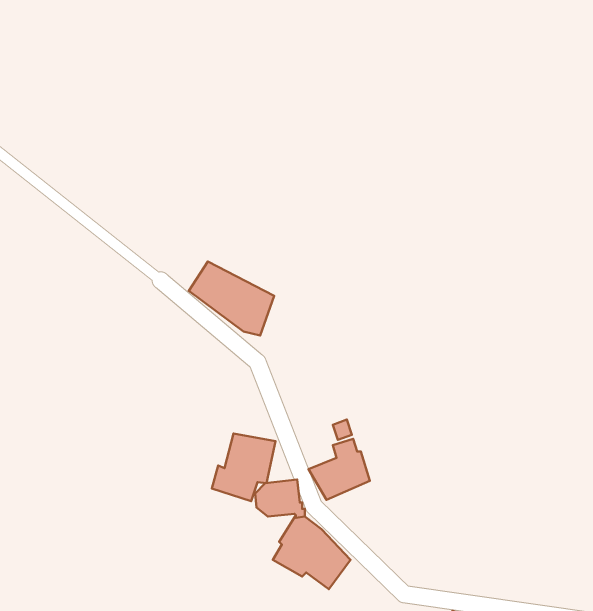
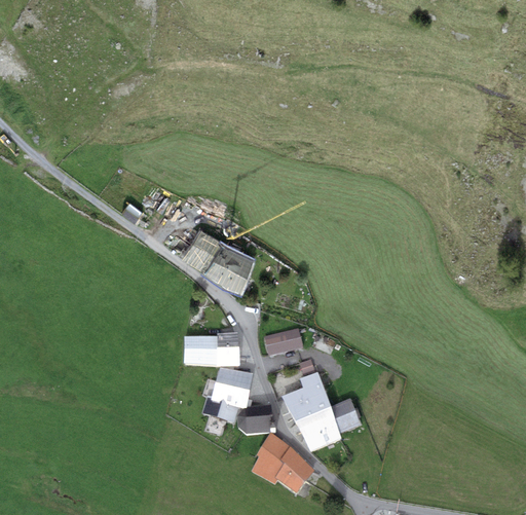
building: none -> [265,327,303,353]
building: none -> [184,334,240,368]
building: none -> [295,399,361,452]

